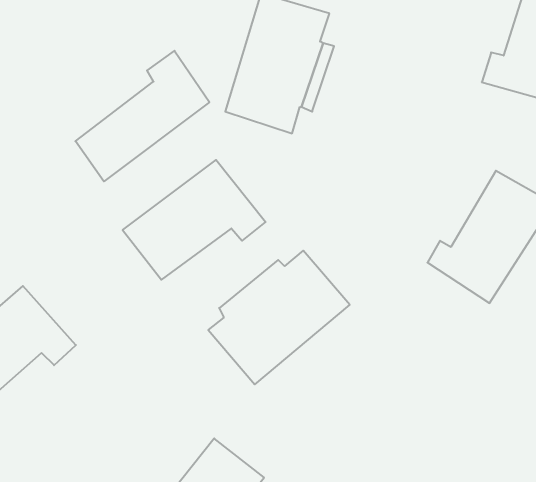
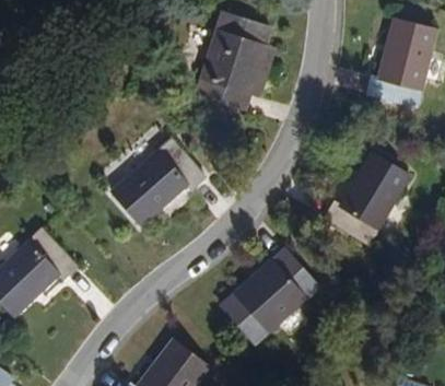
building: [75,51,209,181] -> none
building: [208,251,350,384] -> [222,253,321,347]

